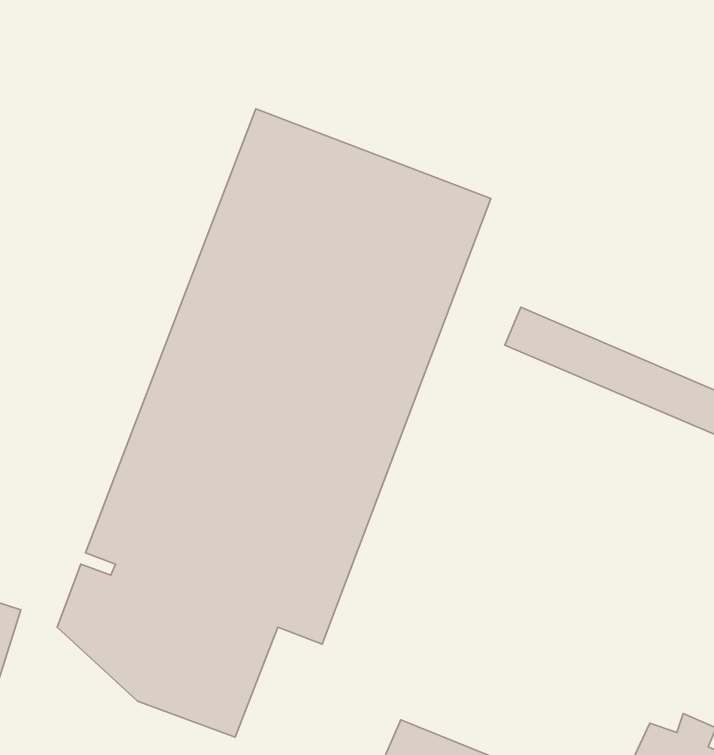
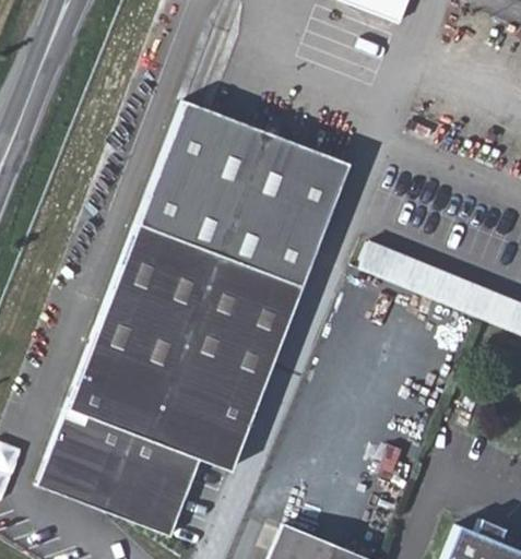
building: none -> [38,460,104,511]

